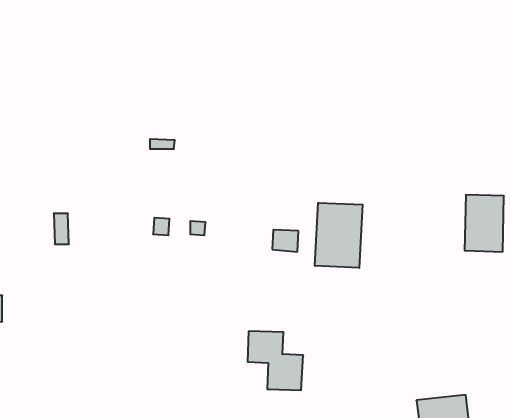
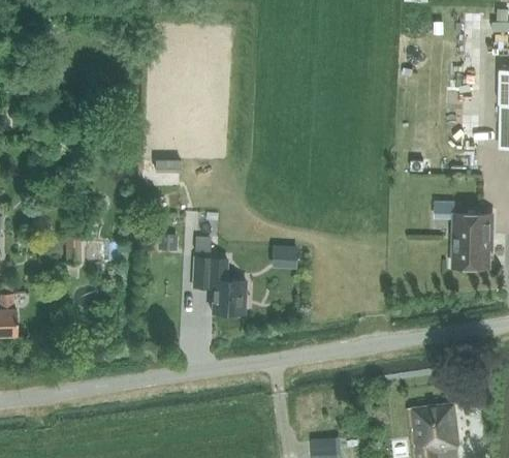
building: [315,203,363,268] -> none
building: [248,331,303,390] -> [193,258,246,314]

